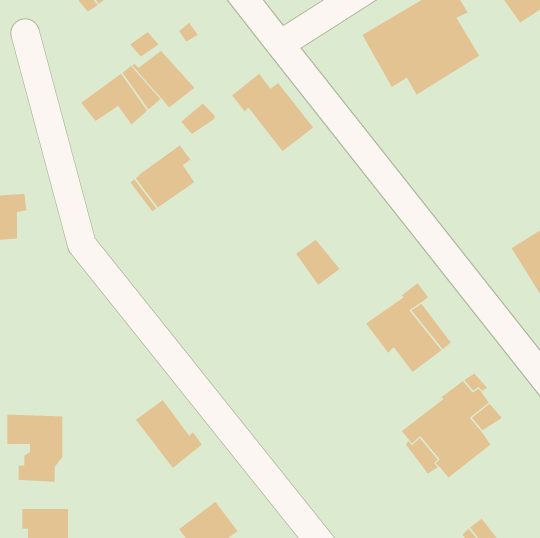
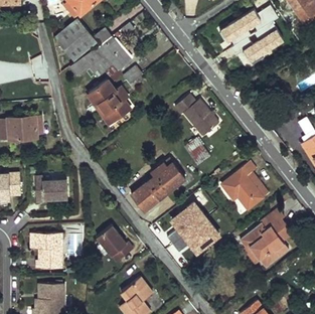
building: none -> [53,19,96,60]
building: [231,73,314,152] -> [175,93,219,135]
building: none -> [88,81,123,105]
building: none -> [131,159,184,210]
building: none -> [34,177,67,199]
building: none -> [167,202,220,257]

